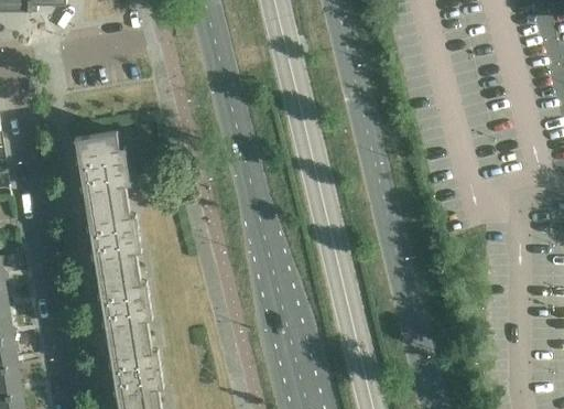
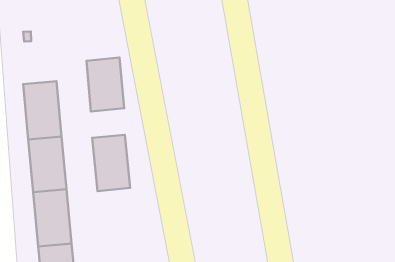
building: none -> [86,58,124,111]
building: none -> [92,135,130,191]

